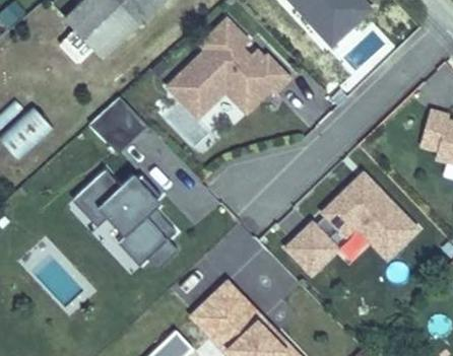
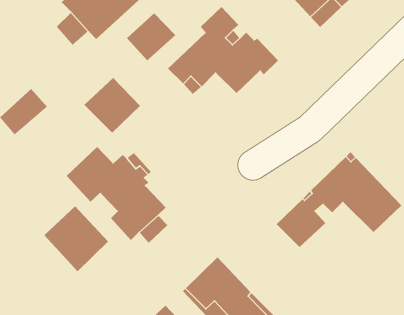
building: none -> [126,12,176,61]
building: none -> [44,206,109,272]

